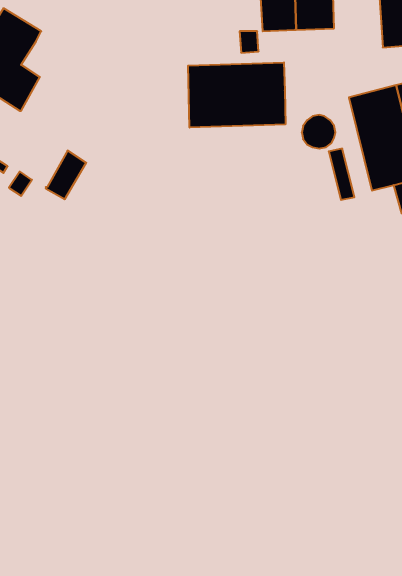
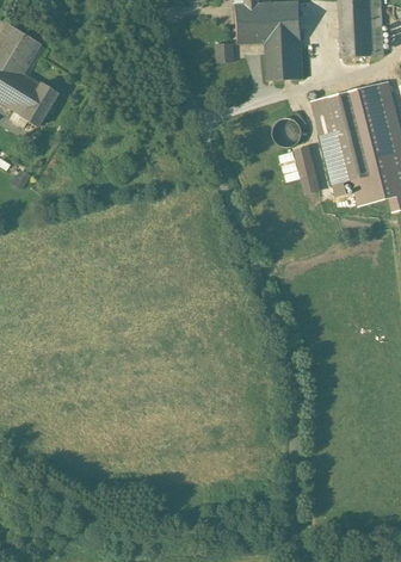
building: none -> [265,41,302,80]
building: [188,62,285,128] -> none
building: [46,151,86,199] -> [21,81,57,124]

